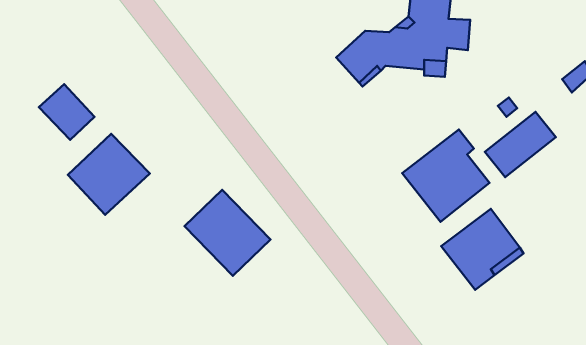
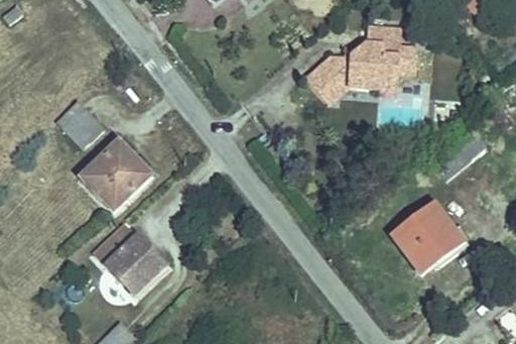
building: [402,130,490,222] -> none
building: [185,190,270,276] -> [93,223,164,295]

